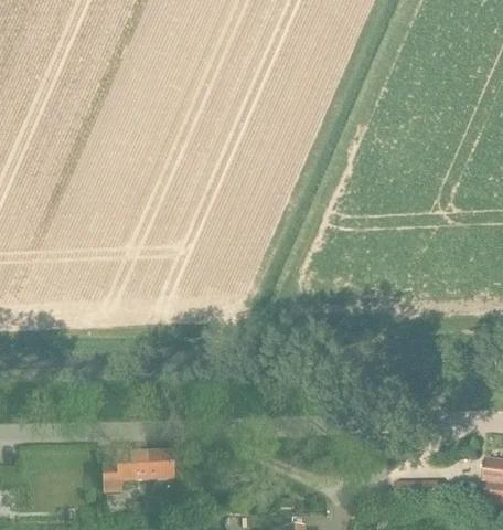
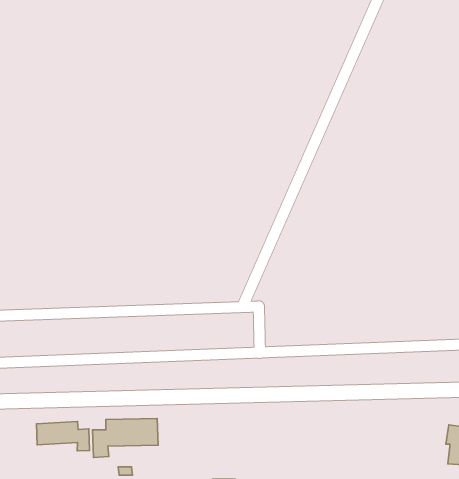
building: none -> [36,421,90,451]

